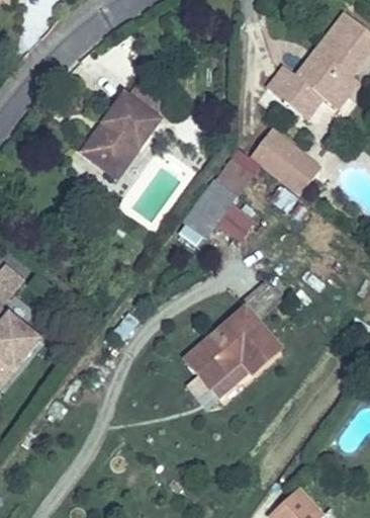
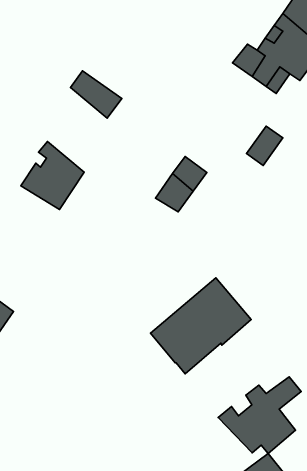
building: [76,110,141,180] -> [21,141,84,210]
building: [247,124,303,178] -> none
building: none -> [218,377,301,454]

